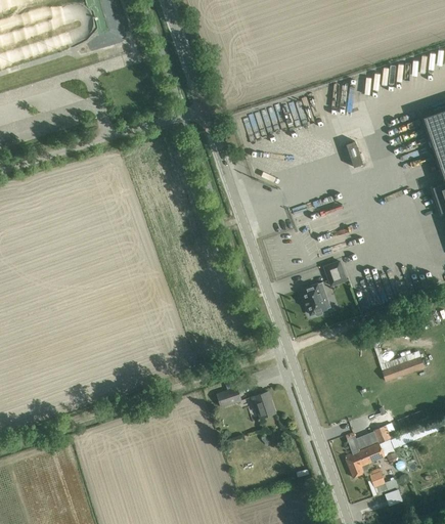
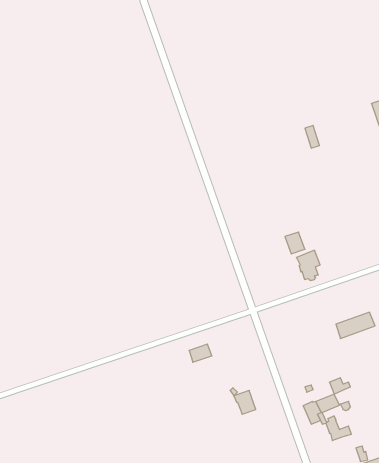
building: [302,282,328,316] -> [296,250,320,280]
building: [252,392,276,419] -> [234,390,256,414]

